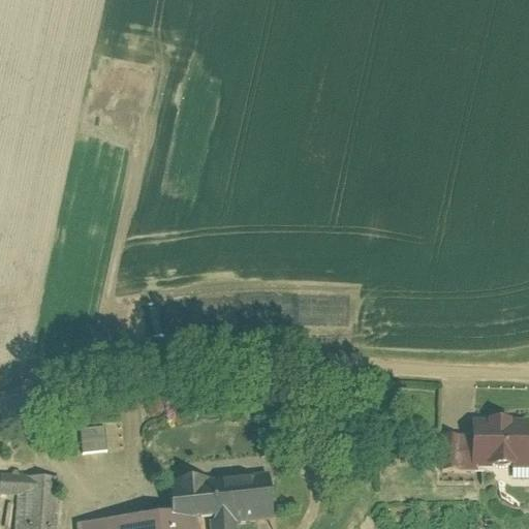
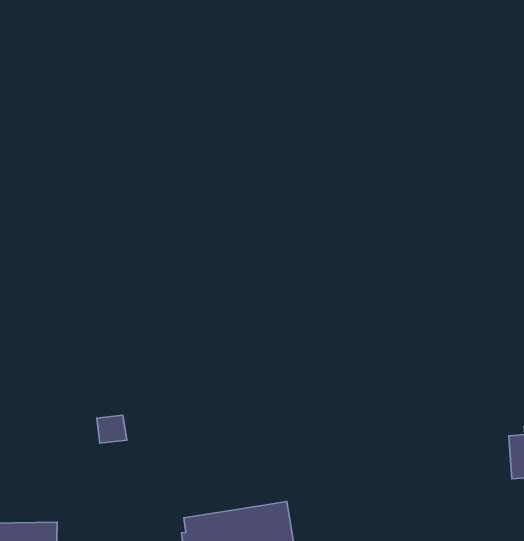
building: [75,426,101,449] -> [97,415,127,443]
building: [450,435,473,469] -> none

